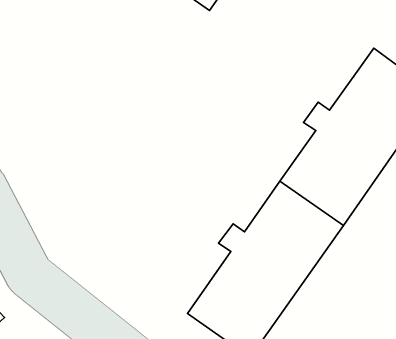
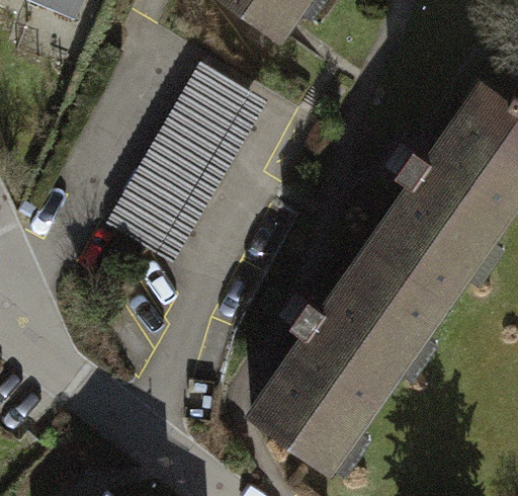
building: none -> [117,70,249,250]

